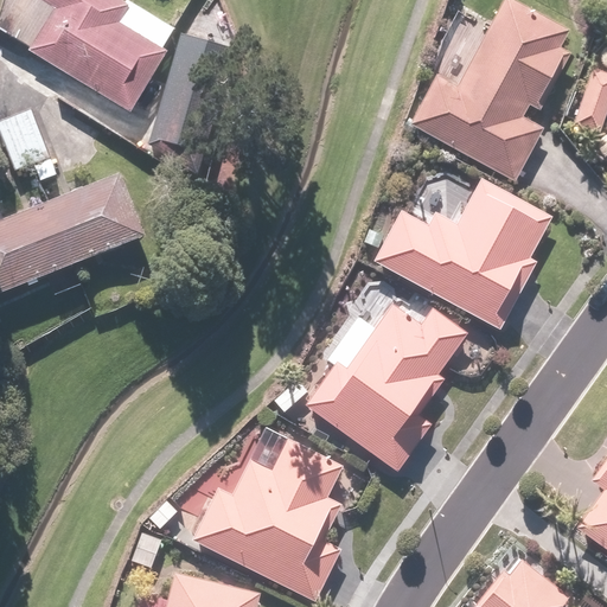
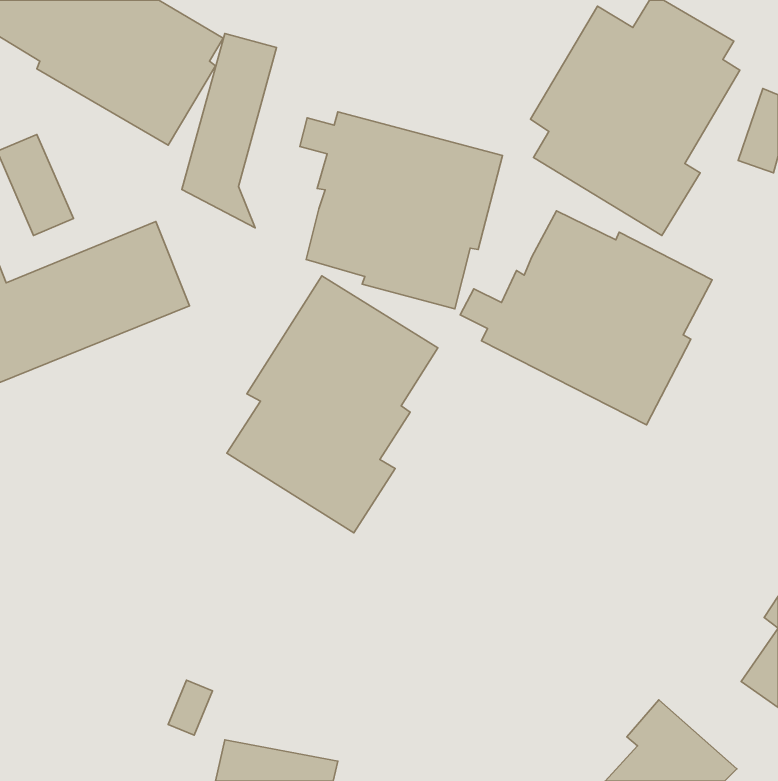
building: none -> [300,112,502,309]
building: [304,271,467,471] -> [227,276,438,533]
building: [192,423,341,600] -> none

